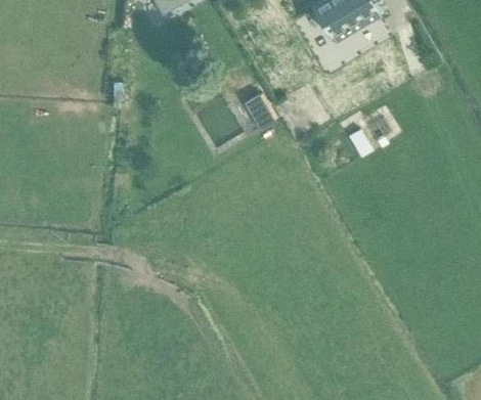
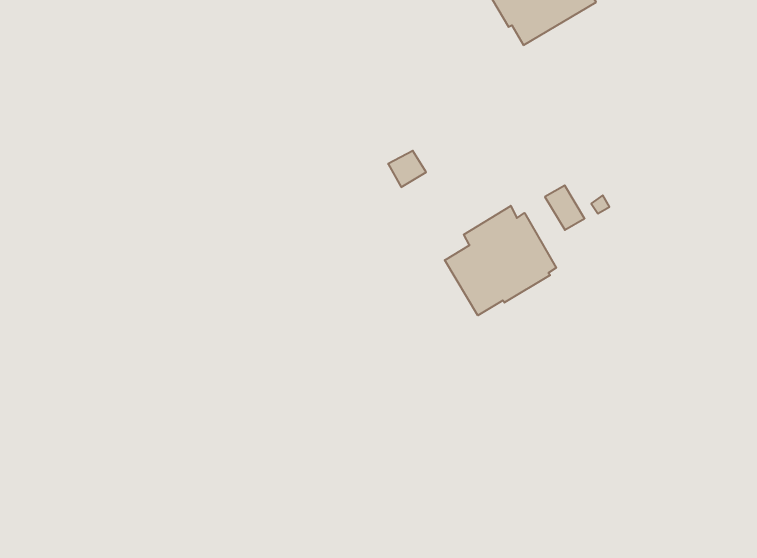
building: none -> [445,206,556,315]

